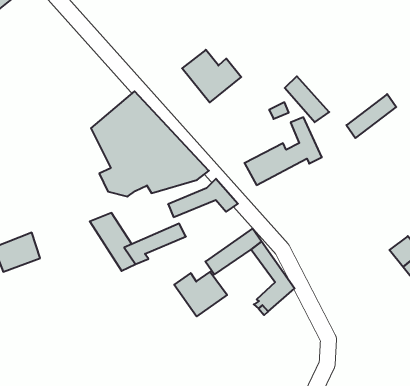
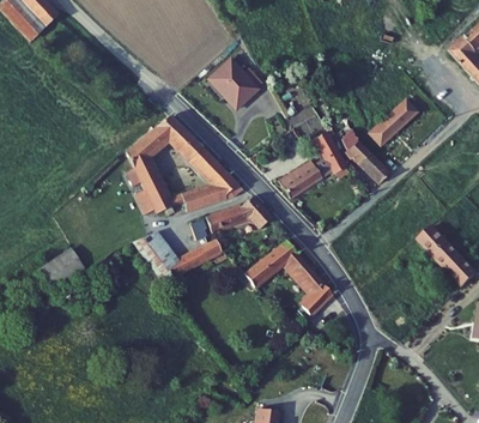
building: [285,76,329,122] -> [348,135,393,179]
building: [174,272,227,316] -> none

